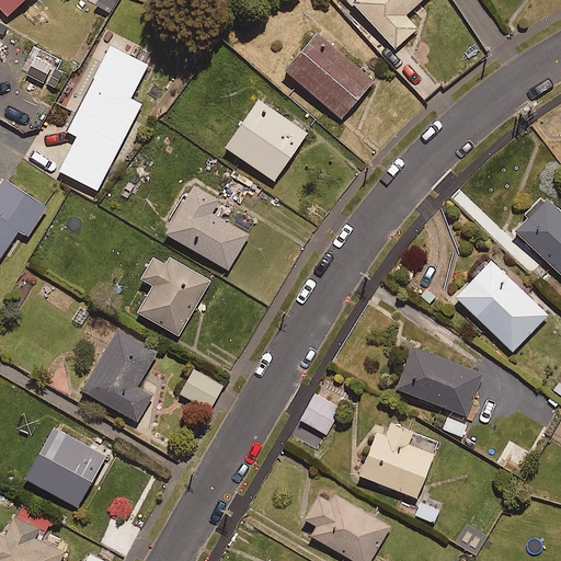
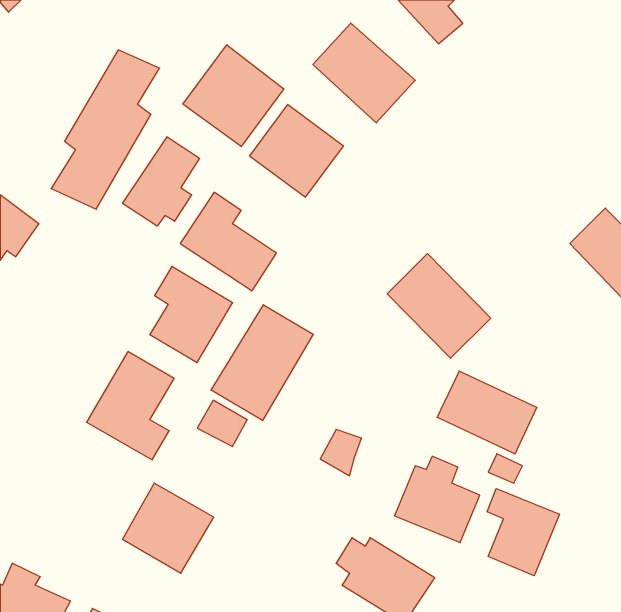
building: none -> [183,45,284,147]
building: none -> [123,137,200,226]
building: [455,259,548,353] -> [387,254,491,358]
building: none -> [211,305,313,421]
building: [23,427,105,508] -> [122,483,214,573]
building: none -> [487,489,559,576]

